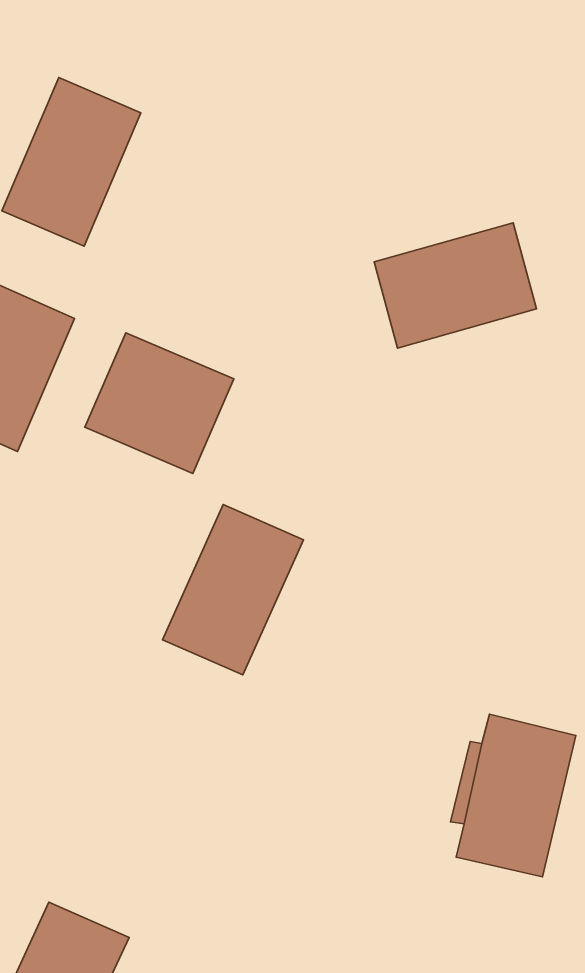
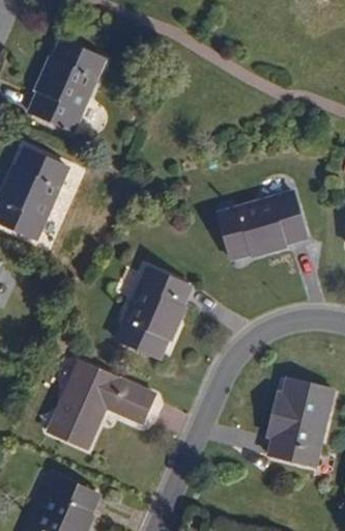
building: [374,223,537,348] -> [221,192,307,258]
building: [85,333,234,473] -> none
building: none -> [48,364,153,451]

